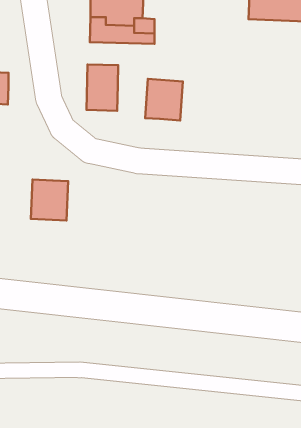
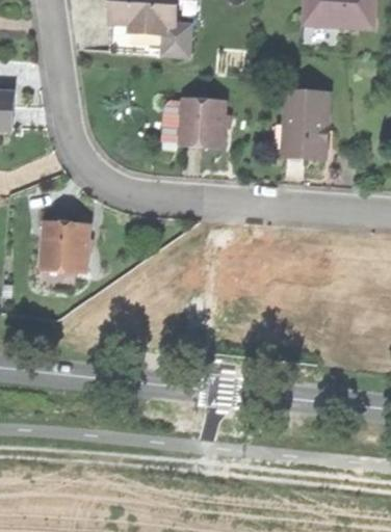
building: [86,64,118,111] -> none
building: none -> [283,89,330,159]

